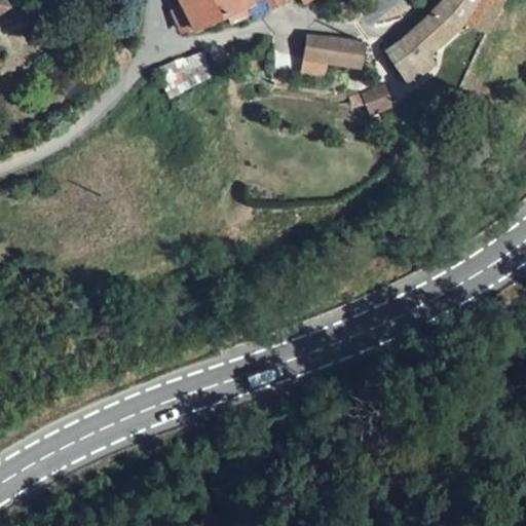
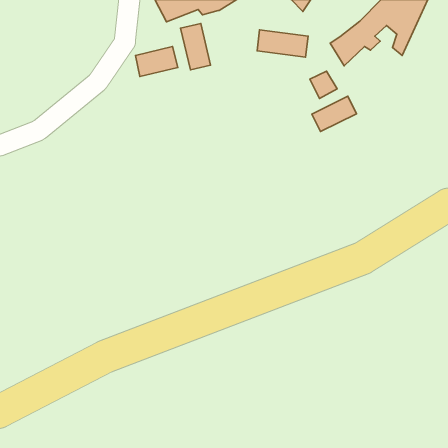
building: none -> [181,23,210,70]
building: none -> [312,96,357,132]

